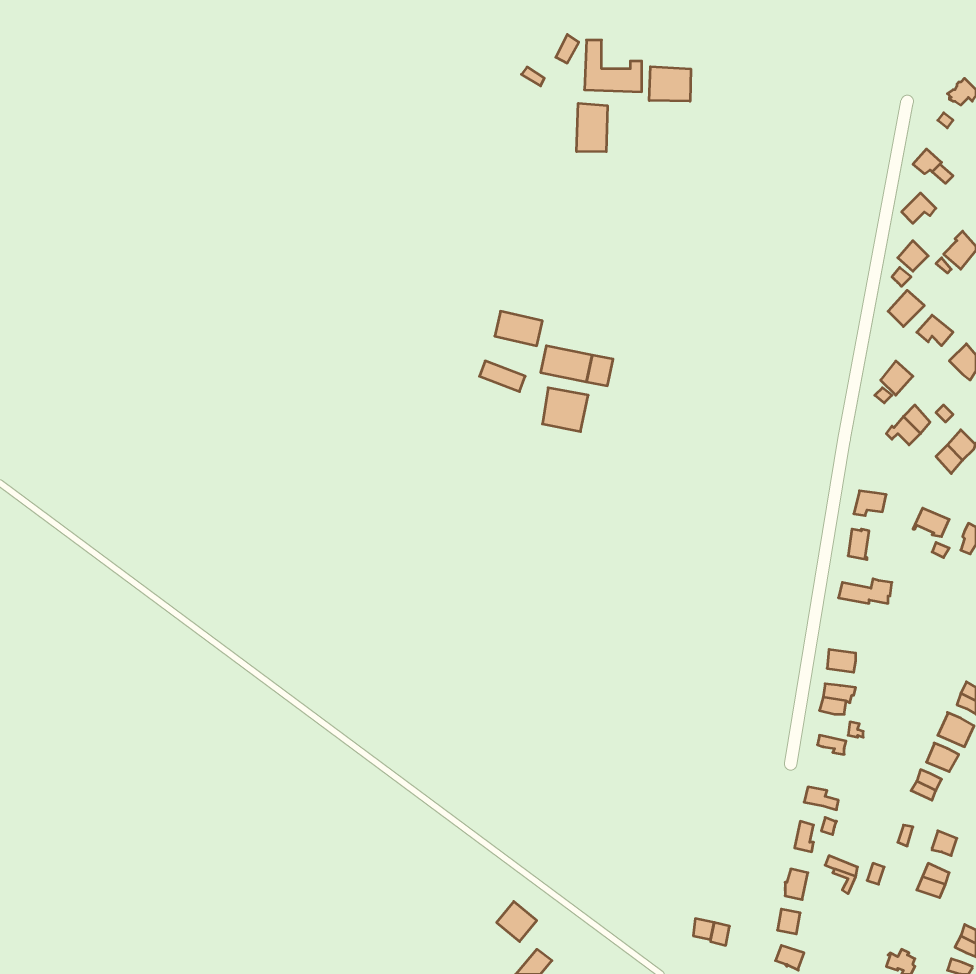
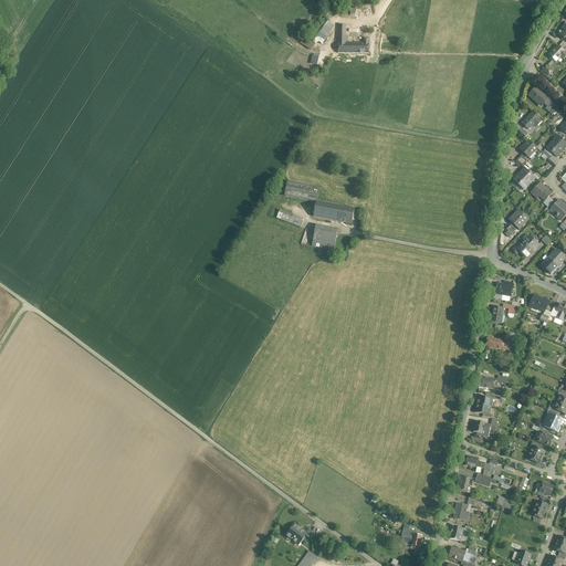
building: [649,67,691,101] -> none
building: [577,103,607,152] -> none

